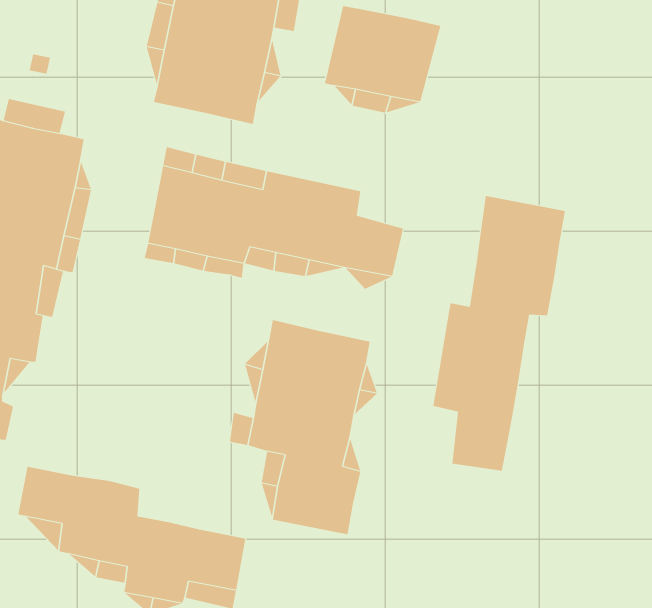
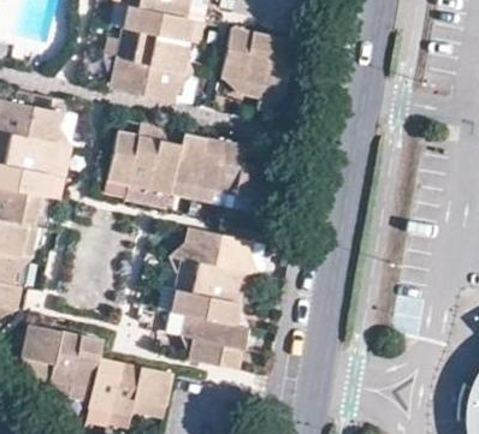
building: [433,195,566,472] -> none

